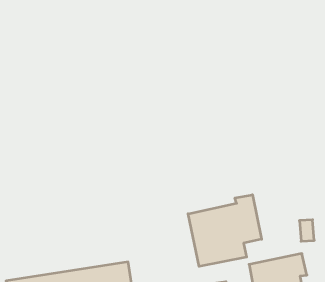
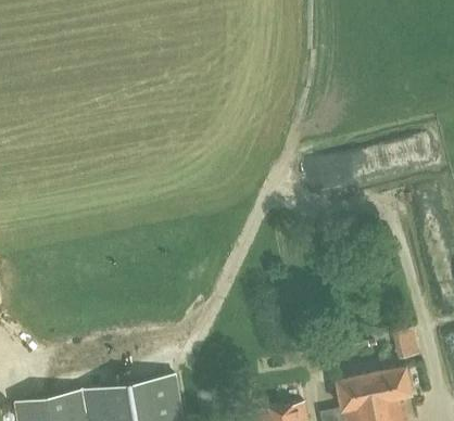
building: [188,195,262,266] -> none

